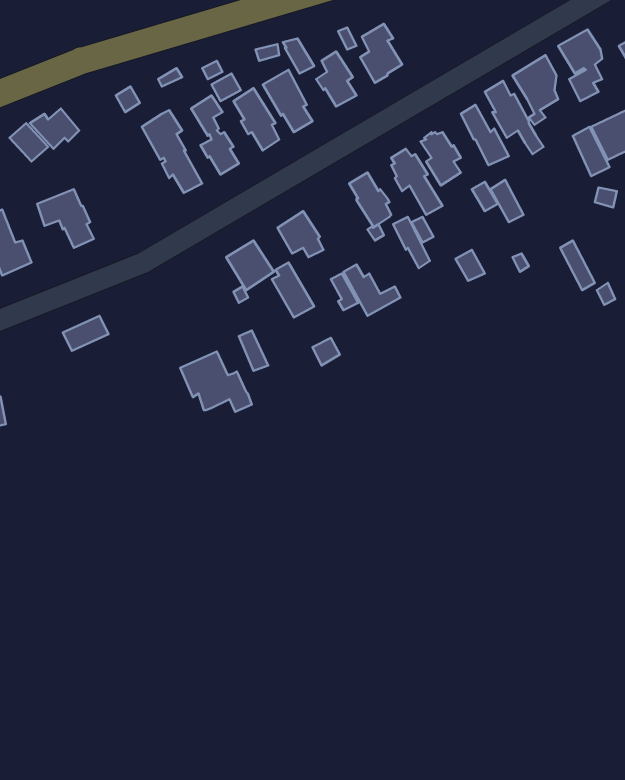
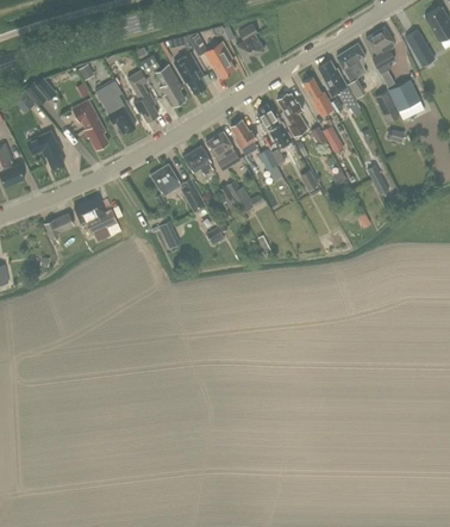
building: none -> [71,99,108,148]
building: none -> [205,131,240,170]
building: [180,351,252,412] -> [74,196,120,235]

